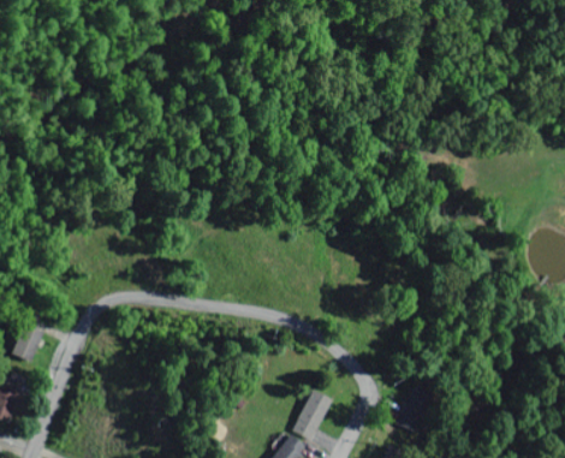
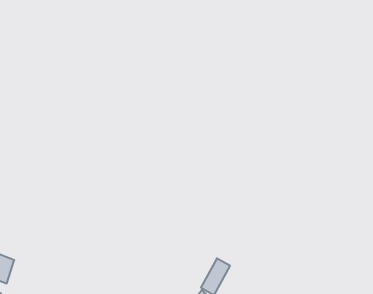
building: [10,321,43,363] -> none

